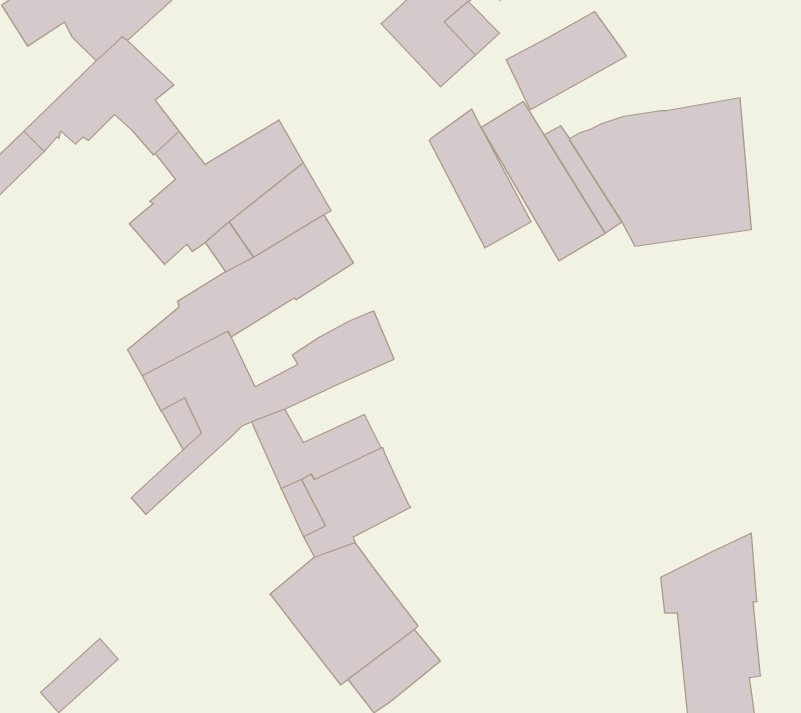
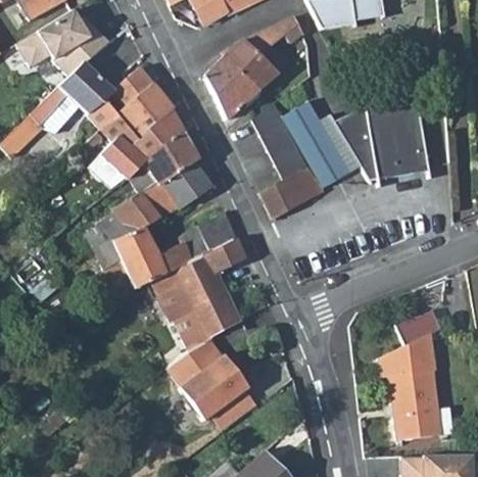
building: [506,12,626,110] -> [260,164,327,219]
building: none -> [205,55,259,120]
building: none -> [102,65,174,133]
building: none -> [174,240,242,286]
building: none -> [399,309,446,346]

